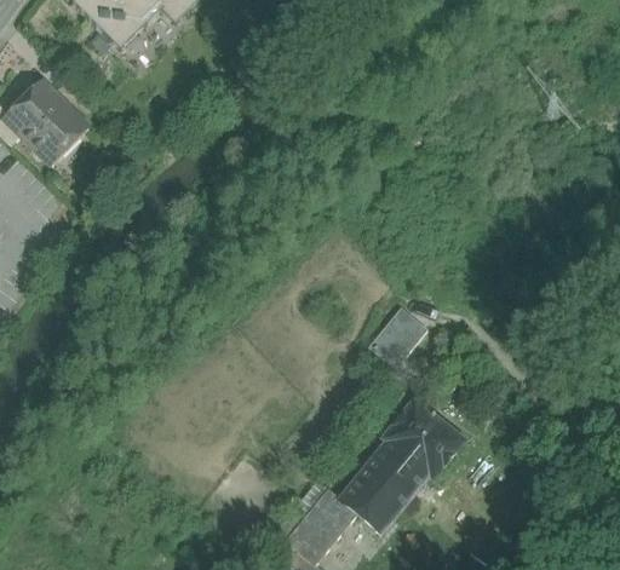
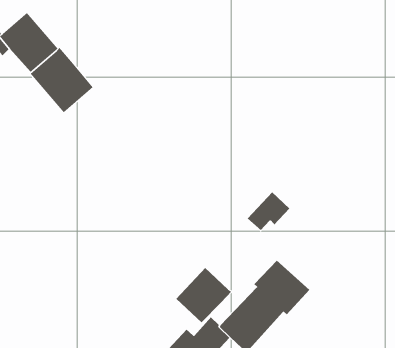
building: none -> [30,47,93,113]
building: none -> [176,267,232,323]

